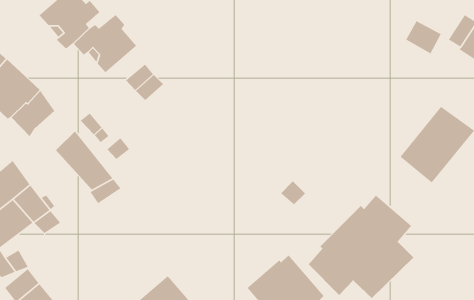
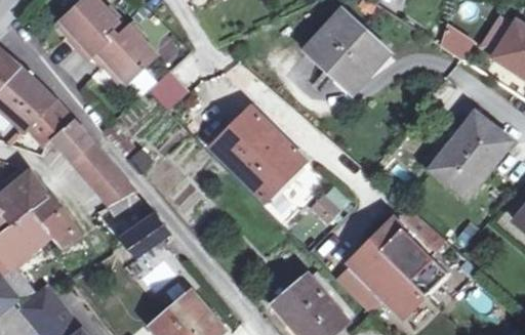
building: none -> [308,13,383,89]
building: none -> [210,108,305,200]
building: none -> [52,119,93,162]
building: none -> [120,215,169,258]

